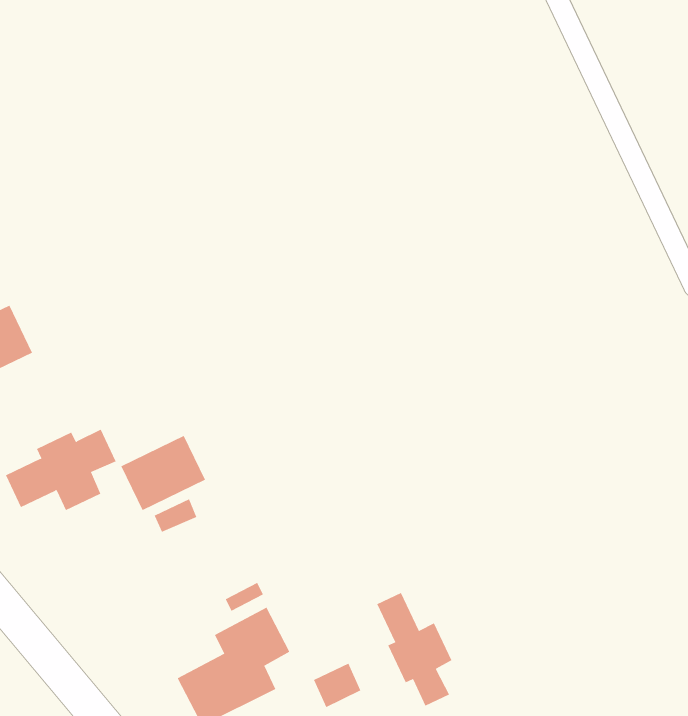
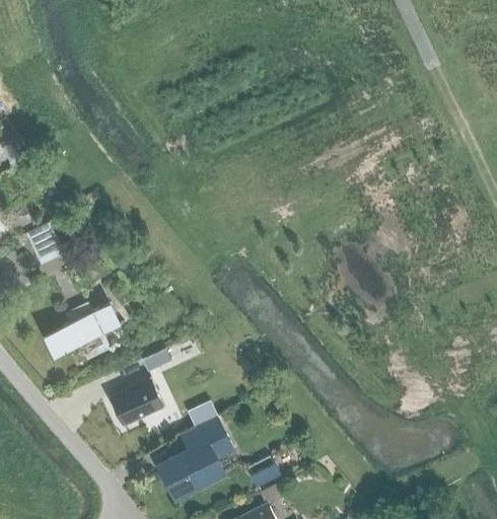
building: [121,435,206,511] -> [109,377,164,427]
building: [376,592,452,707] -> none

